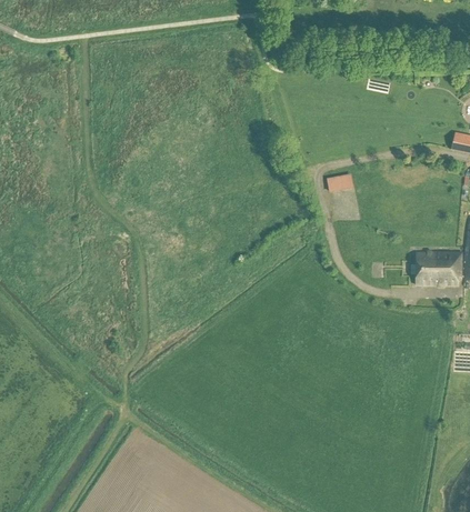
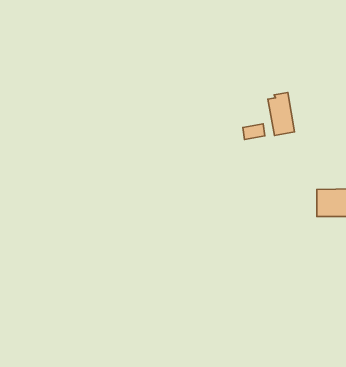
building: none -> [268,92,294,135]

